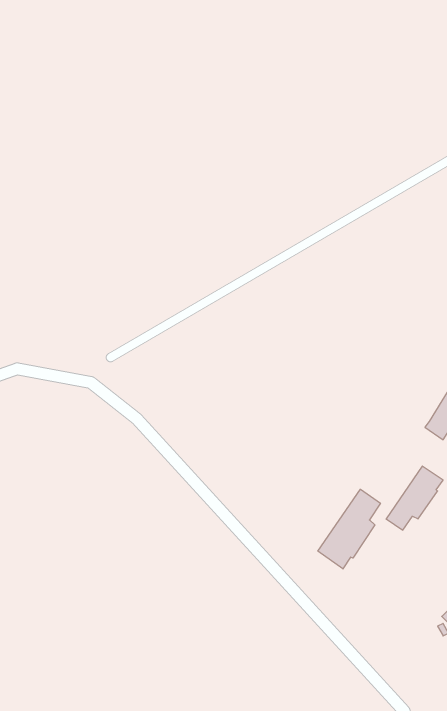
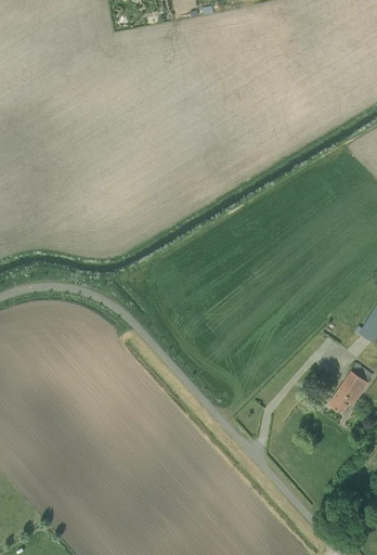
building: [318,489,380,569] -> none

